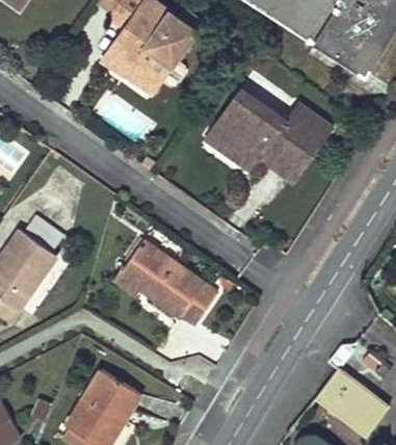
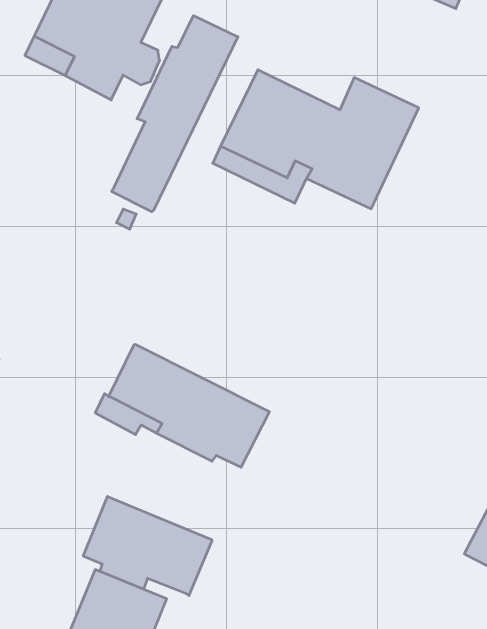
building: none -> [112,16,238,212]
building: none -> [83,496,212,596]

